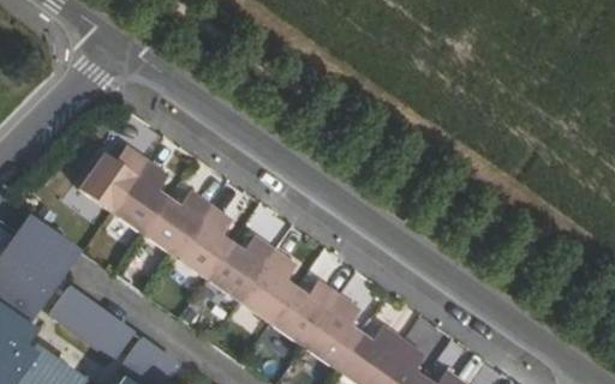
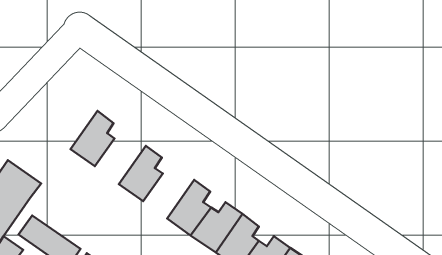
building: [74,139,144,204] -> none
building: [141,184,209,251] -> none
building: [205,229,274,296] -> none

